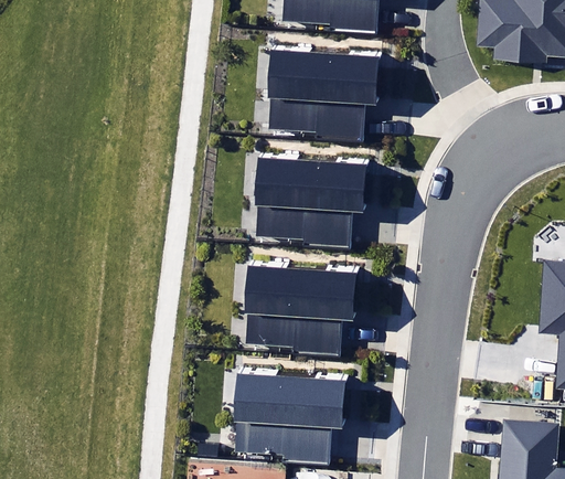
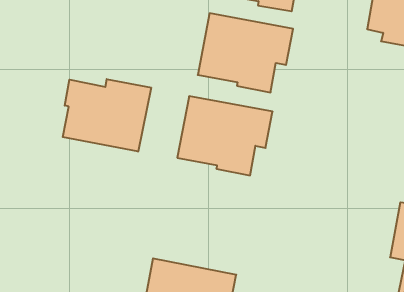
building: none -> [63,79,151,152]
building: [243,265,356,356] -> none

